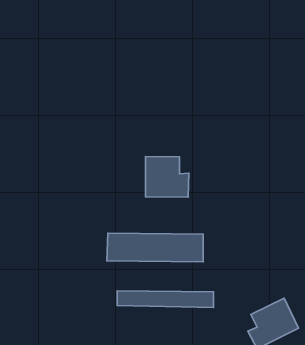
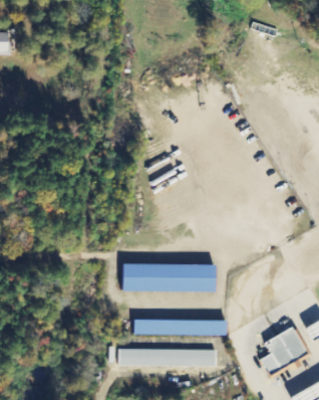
building: [146,157,189,197] -> none
building: none -> [119,349,217,366]

